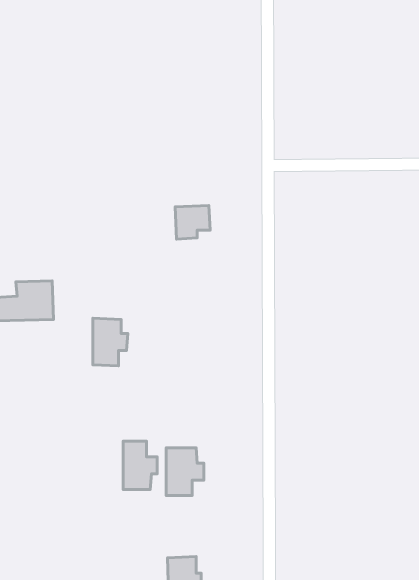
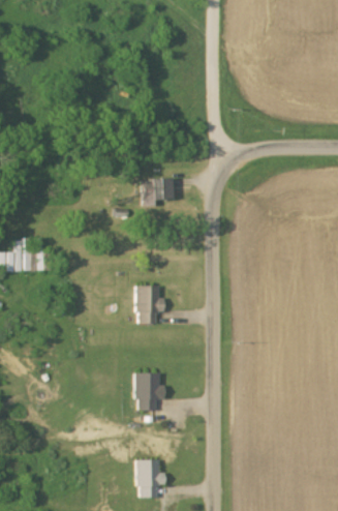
building: [93,318,128,366] -> [136,285,164,324]
building: [123,441,157,490] -> none

